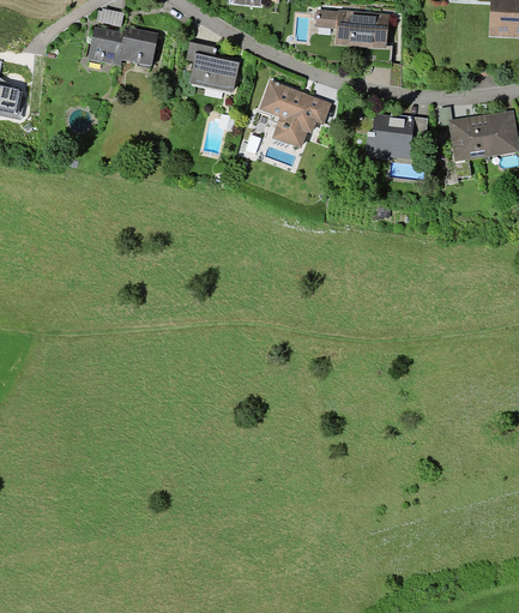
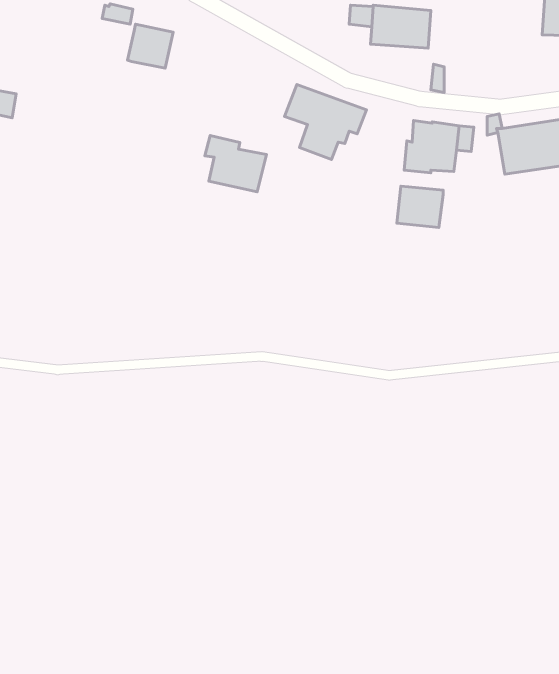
building: [87,26,123,66] -> none
building: [185,42,240,92] -> [205,136,267,192]
building: none -> [397,186,443,228]

